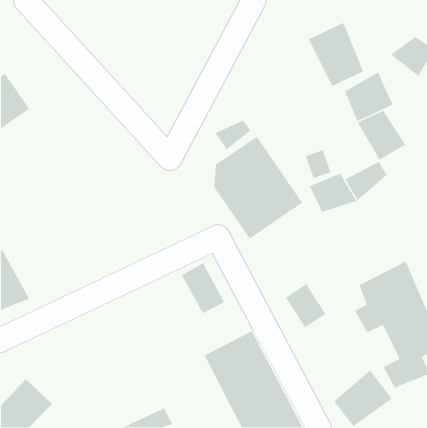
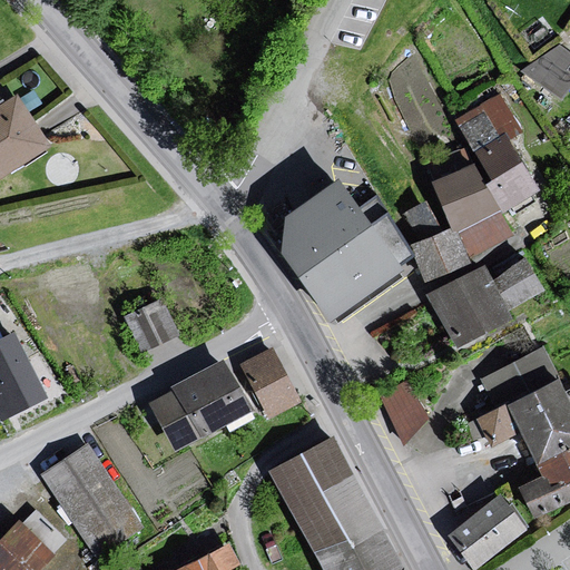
building: [308,22,364,87] -> none
building: [214,119,251,150] -> none
building: none -> [433,163,505,238]
building: none -> [430,259,547,347]
building: none -> [126,297,181,353]
building: none -> [151,360,254,451]
building: none -> [36,444,137,561]

